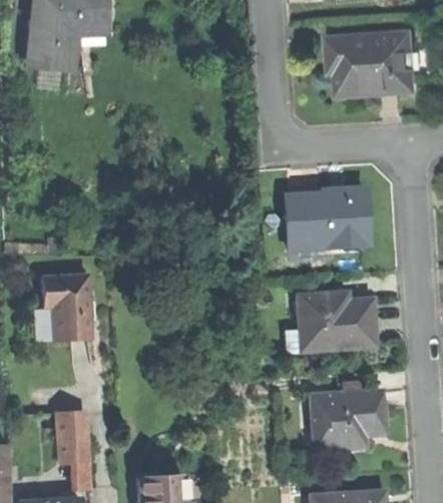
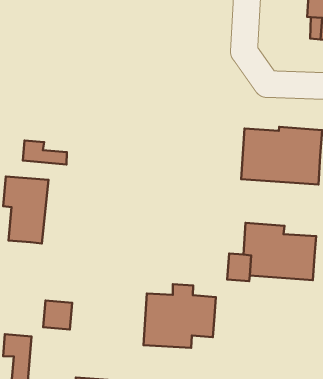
building: none -> [23,140,67,164]
building: [312,382,386,450] -> [144,284,216,348]
building: [60,412,89,441] -> [43,301,72,330]

